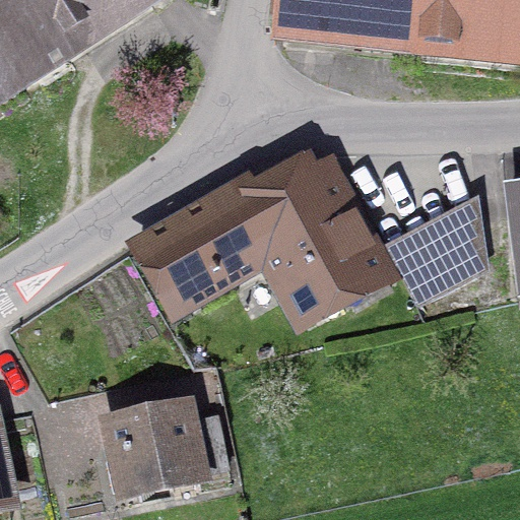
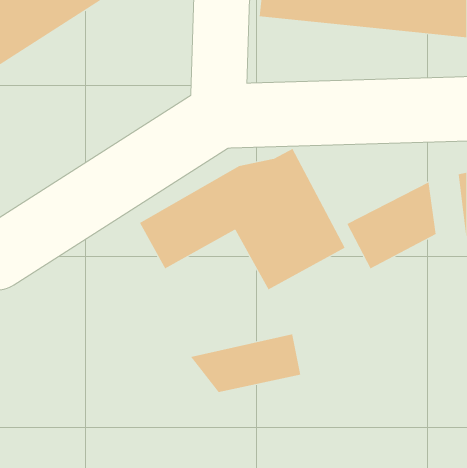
building: none -> [190,333,301,393]
building: [108,410,224,493] -> none

